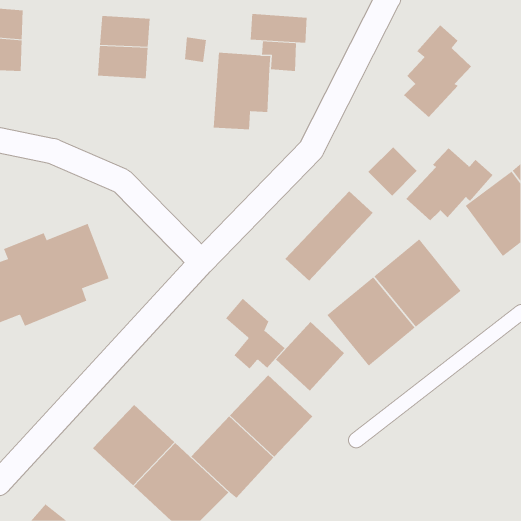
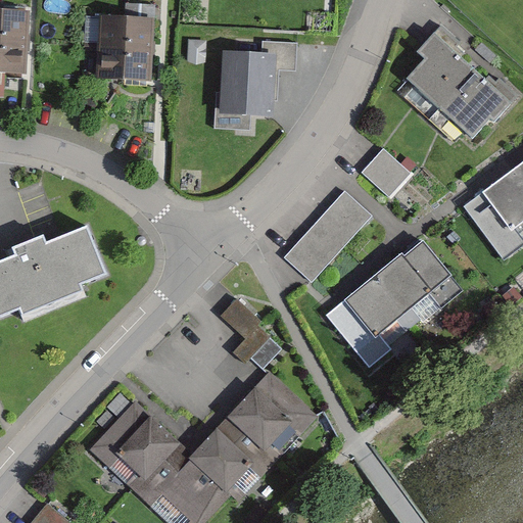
building: [250,13,307,44] -> none
building: [406,148,494,221] -> [428,66,516,140]
building: [275,321,345,392] -> none

